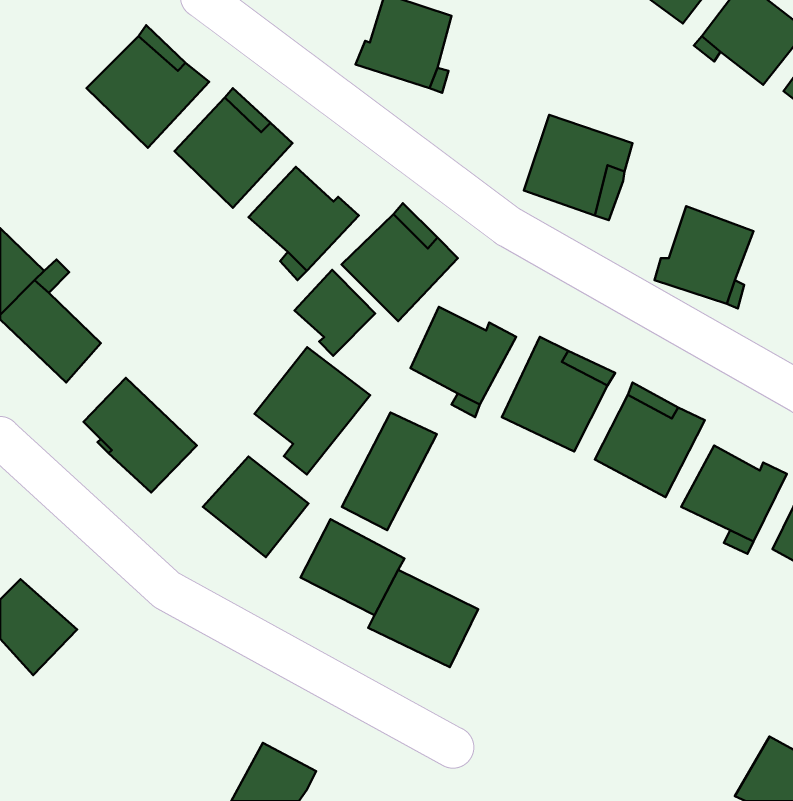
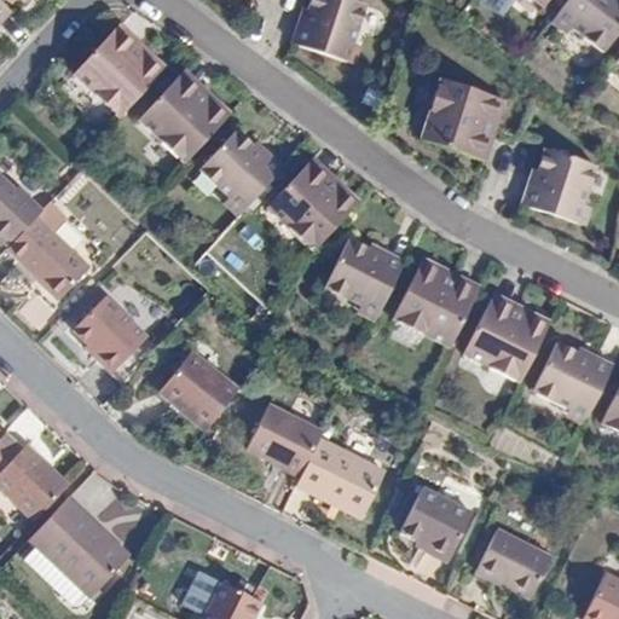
building: [295,270,375,356] -> none
building: [254,347,370,475] -> none
building: [342,412,437,530] -> none
building: none -> [394,481,464,550]
building: none -> [30,499,129,598]
building: none -> [473,525,546,592]

